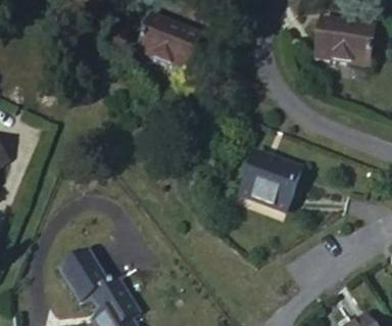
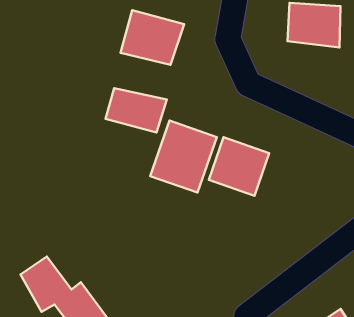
building: none -> [106,88,167,132]
building: none -> [150,121,217,193]

